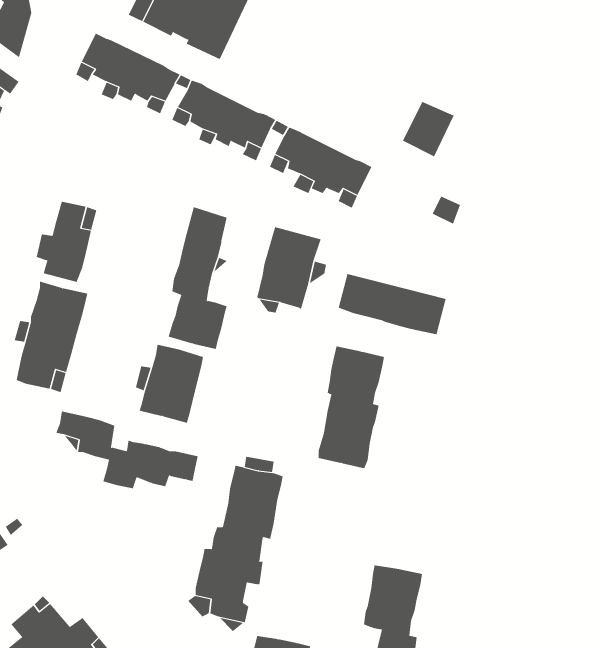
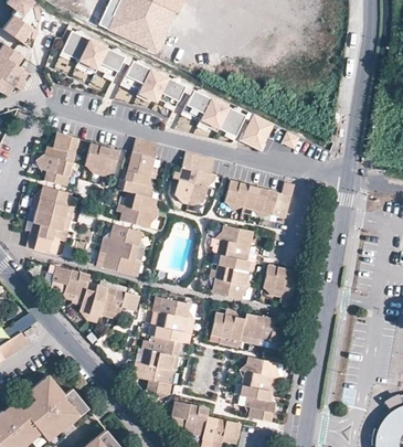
building: [402,101,455,157] -> [243,116,275,150]
building: none -> [86,145,120,173]
building: none -> [264,264,298,292]
building: none -> [211,311,287,344]

